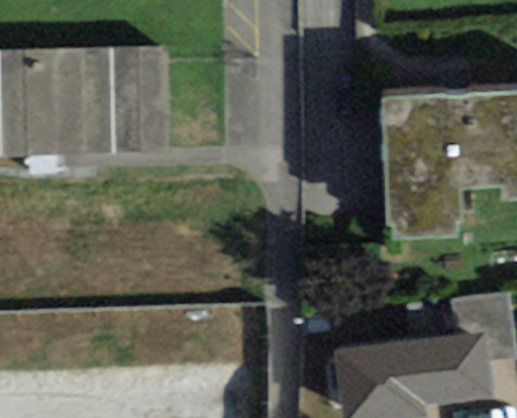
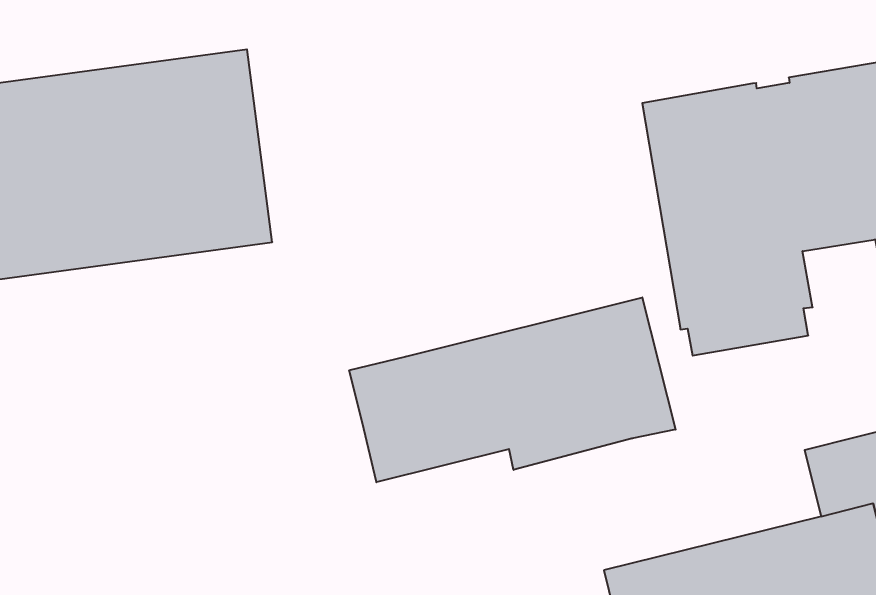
building: none -> [349,297,676,482]

